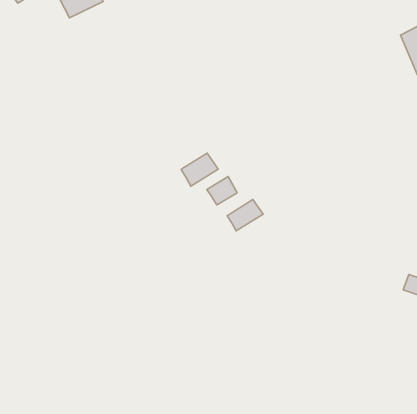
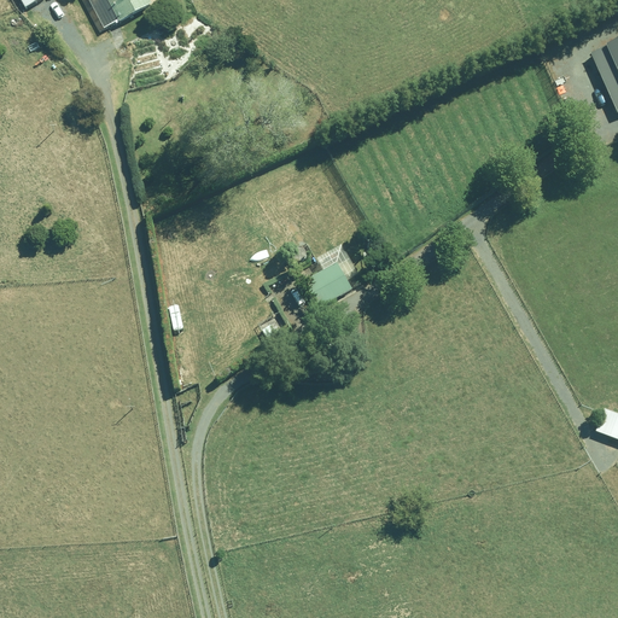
building: [181,153,218,186] -> none
building: [227,200,263,231] -> none

